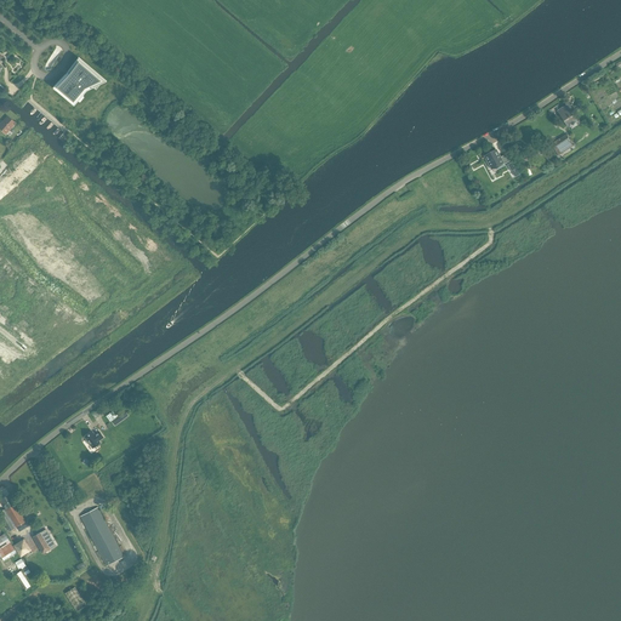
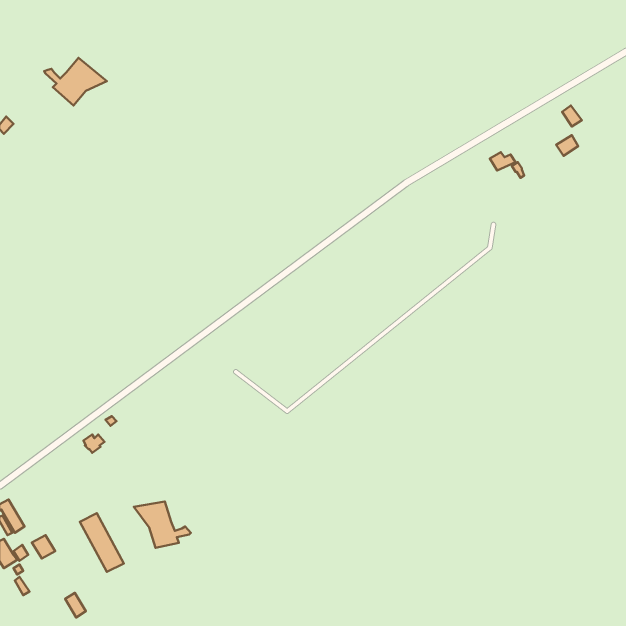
building: none -> [134,502,191,548]

